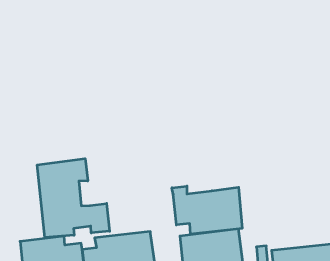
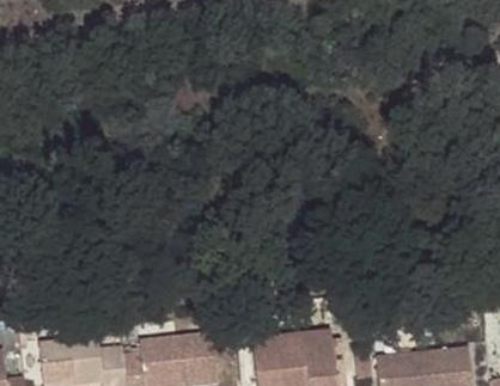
building: [37,159,110,238] -> none
building: [172,186,242,234] -> none

